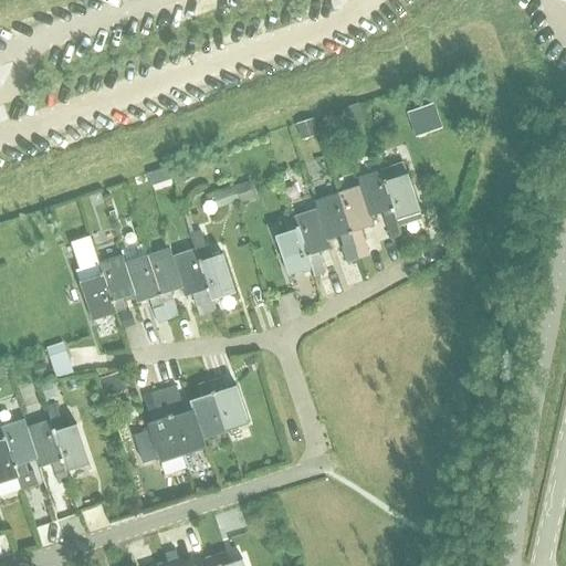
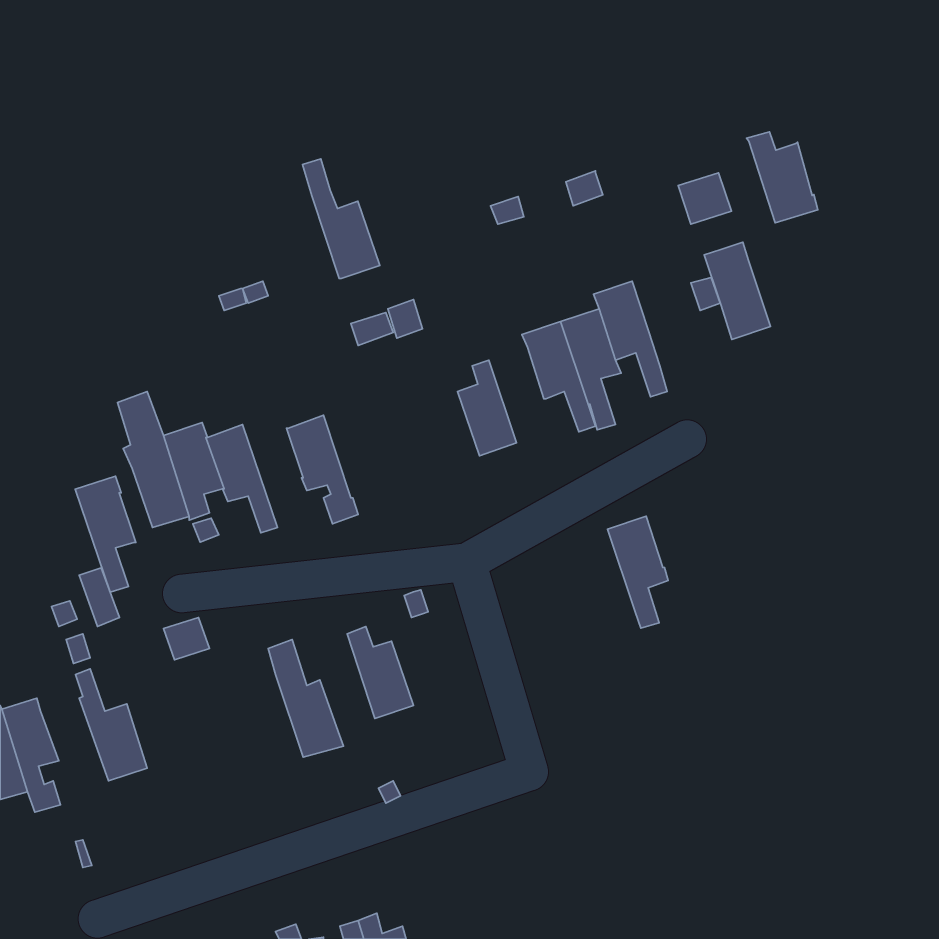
building: none -> [747,132,818,223]
building: [380,161,420,220] -> [704,242,770,339]
building: [294,209,331,276] -> [608,516,668,628]
building: [189,228,235,300] -> [303,159,380,278]
building: [146,248,182,317] -> [75,476,136,592]
building: [189,381,226,440] -> none
building: [135,390,182,464] -> none
building: [24,420,67,482] -> none

